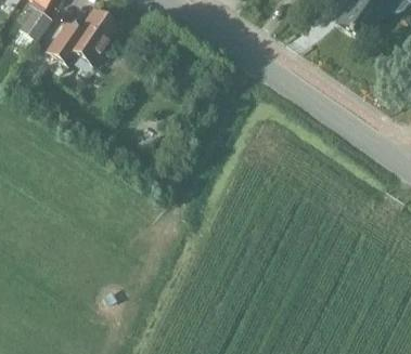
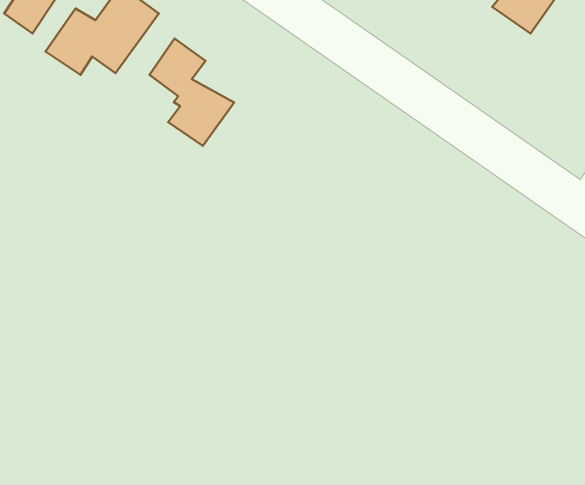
building: none -> [150,39,234,146]

